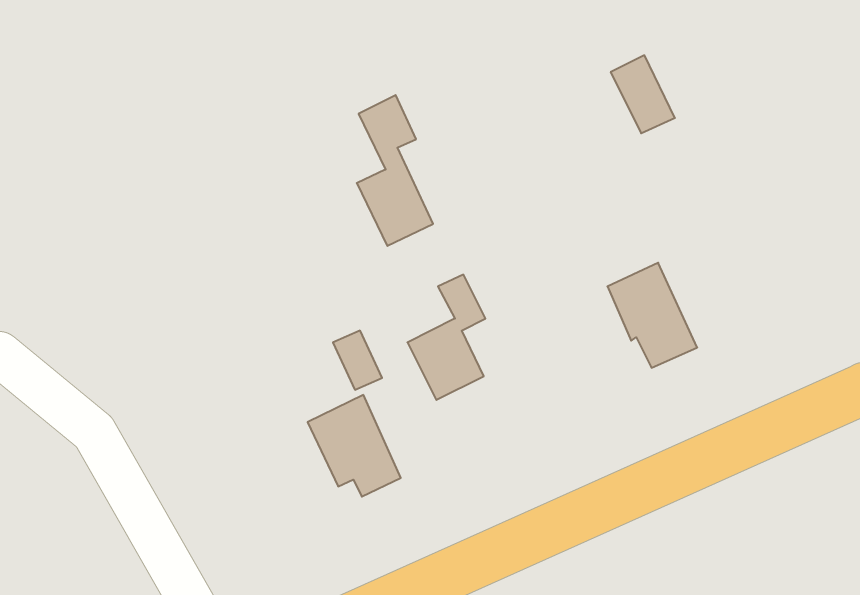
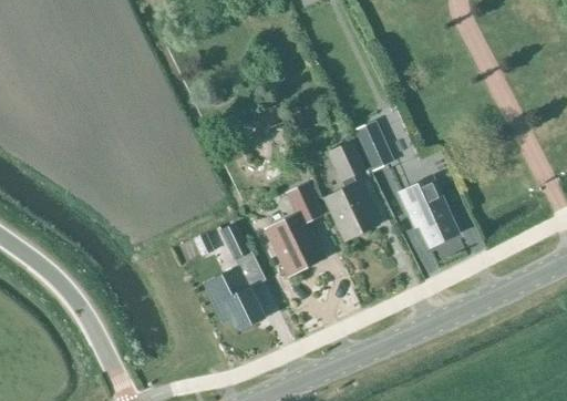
building: [611,55,675,133] -> [353,120,395,171]
building: [357,95,433,246] -> [327,142,377,240]

